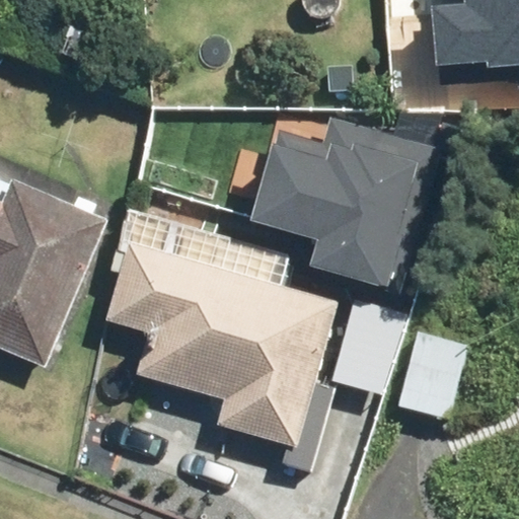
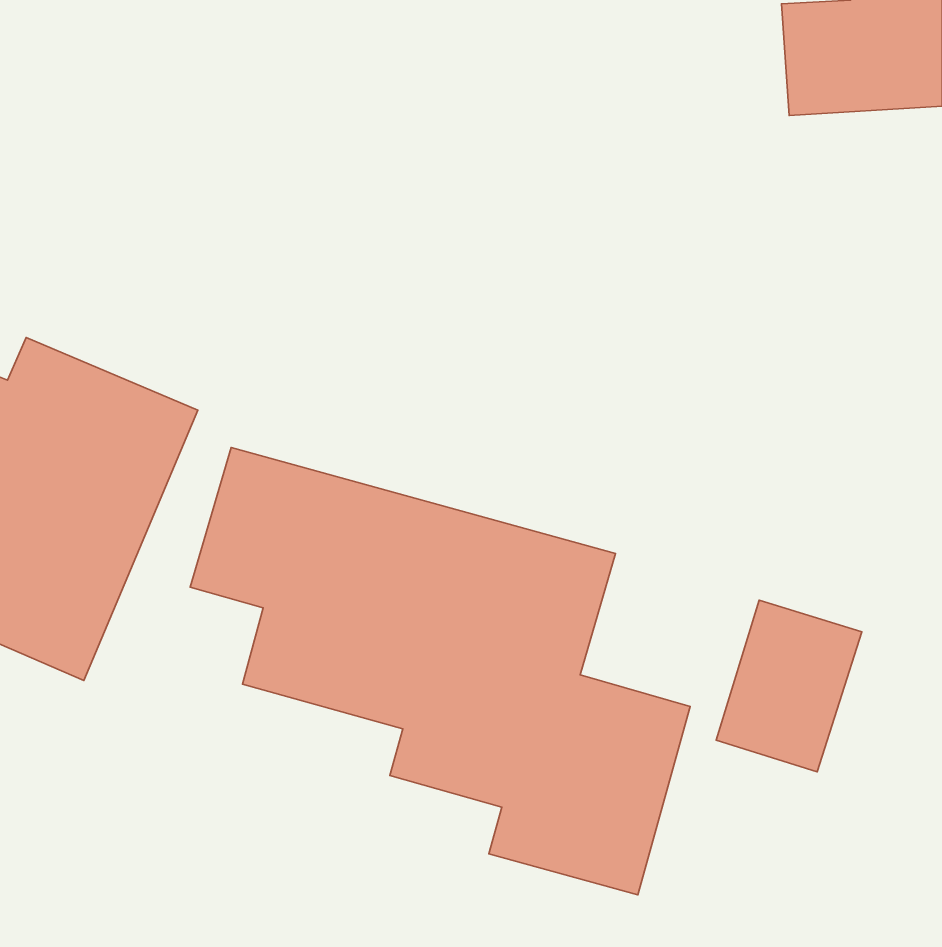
building: [253,109,441,282] -> none

